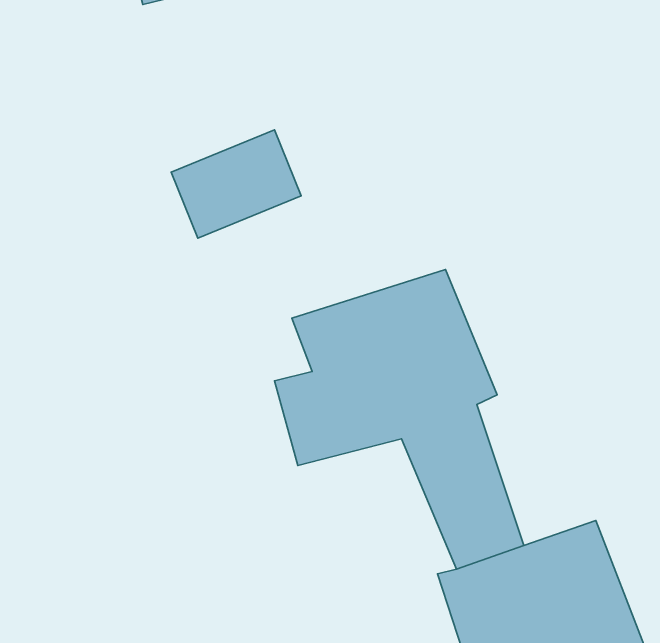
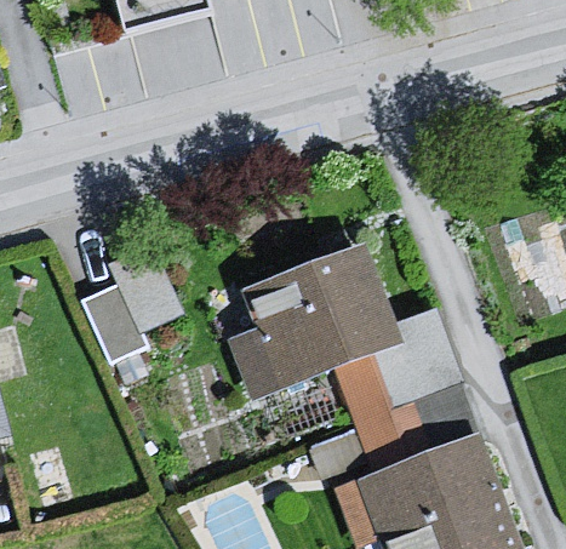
building: [171,130,301,238] -> [85,255,185,338]

